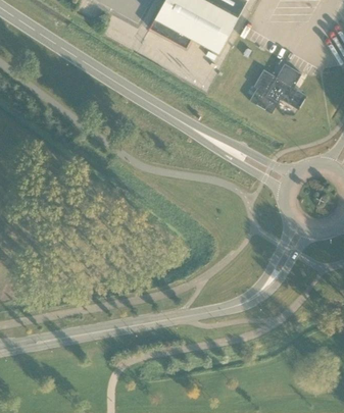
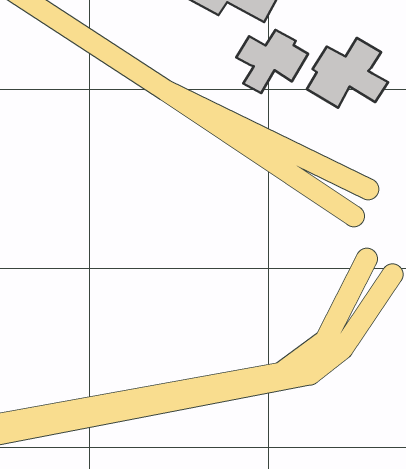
building: none -> [236,30,308,93]

